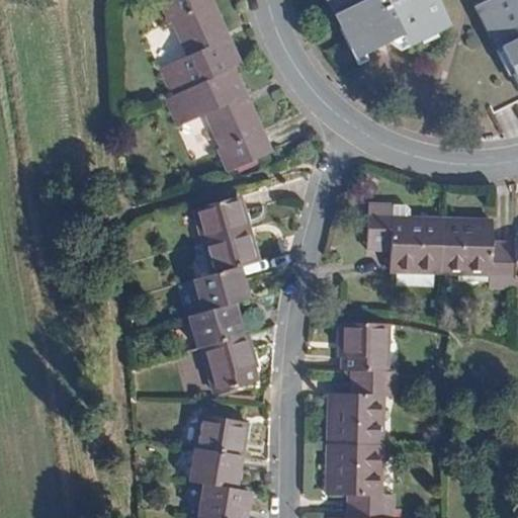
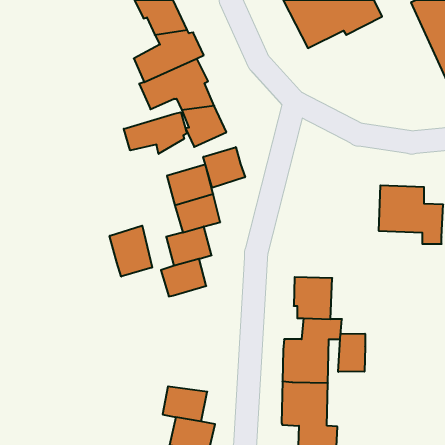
building: none -> [124,112,187,154]
building: none -> [203,147,245,188]
building: [367,200,442,269] -> none
building: none -> [110,226,152,277]
building: [202,331,255,388] -> none
building: none -> [338,333,365,372]
building: [196,415,248,455] -> none

